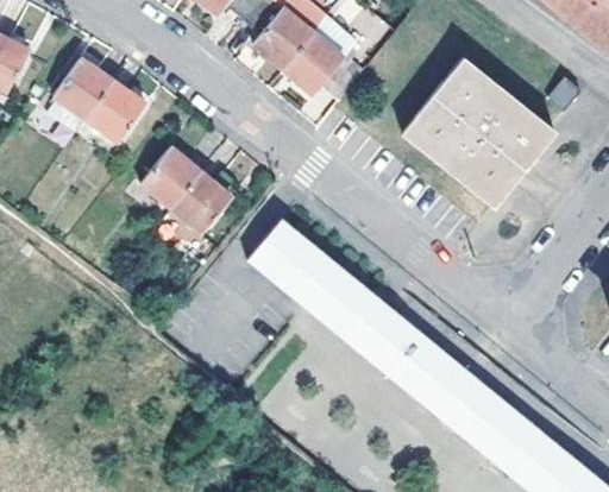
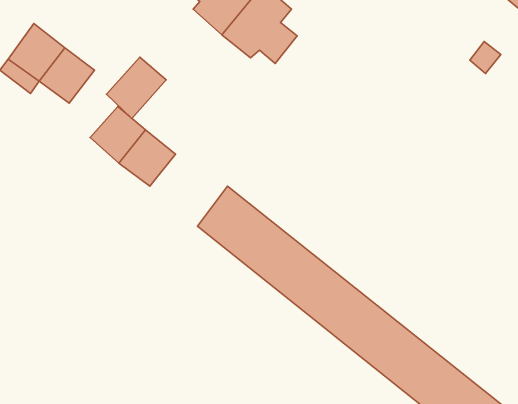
building: [403,55,557,204] -> none
building: none -> [107,57,166,118]

